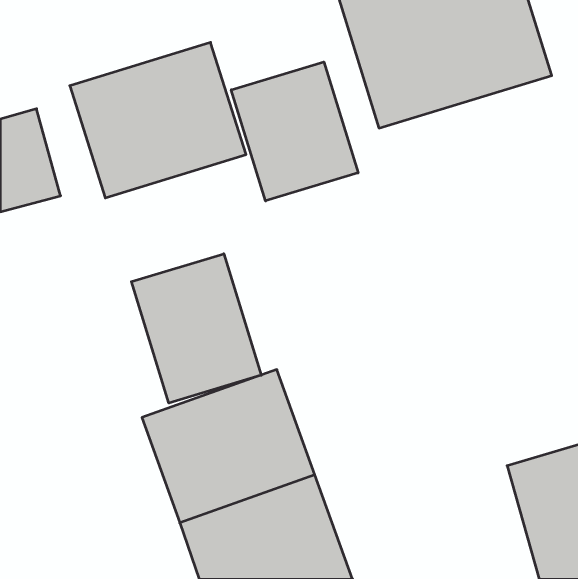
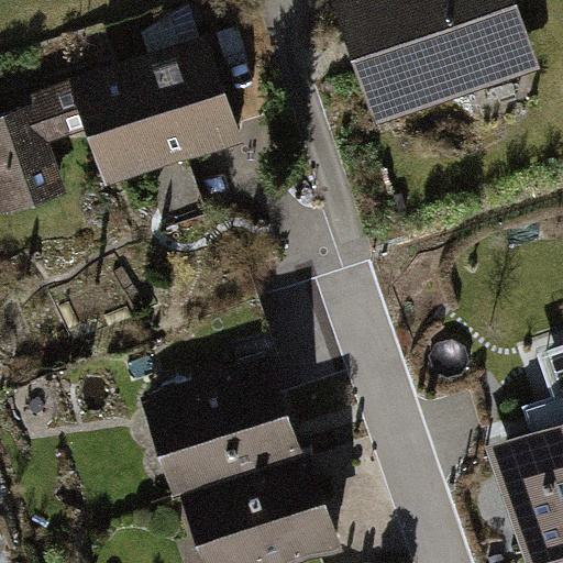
building: [231,62,358,201] -> none
building: [131,254,261,403] -> none

